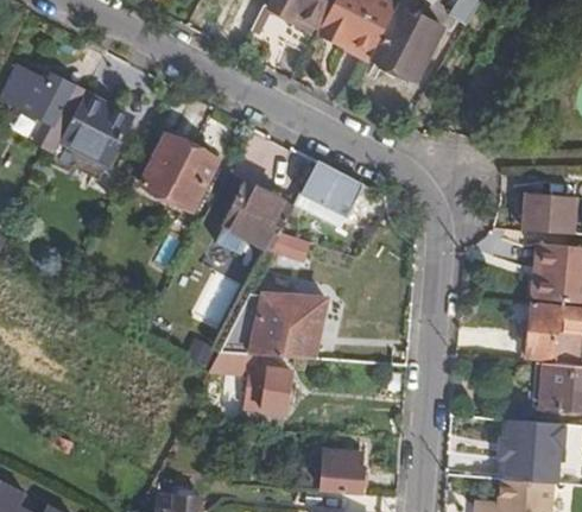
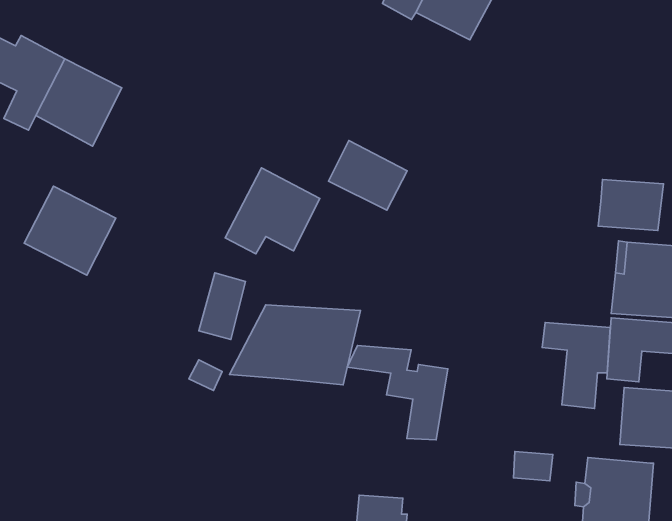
building: [143,137,217,209] -> [24,186,116,275]
building: none -> [542,322,610,408]
building: [211,352,293,429] -> [347,345,448,440]

